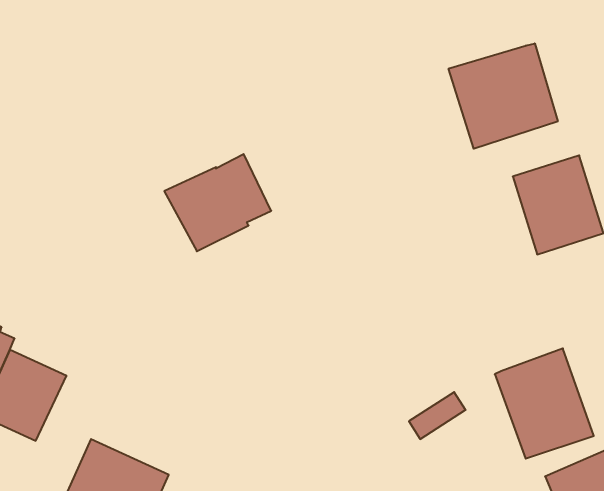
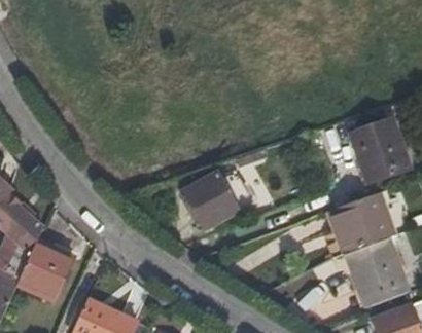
building: [449,43,558,149] -> none
building: [164,154,271,251] -> [182,168,250,229]
building: none -> [329,195,393,255]

